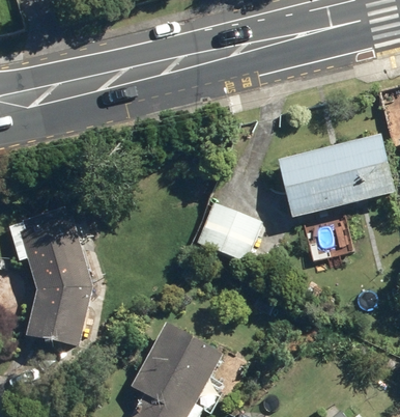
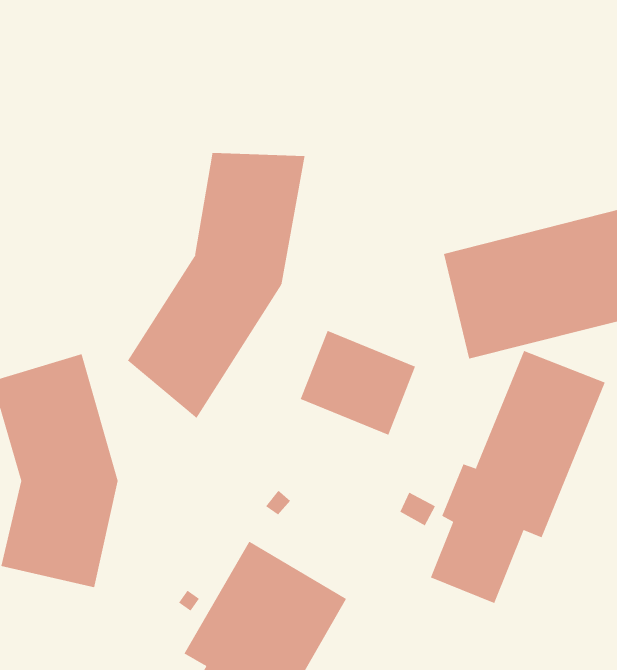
building: none -> [127,152,305,419]
building: none -> [430,350,606,604]

